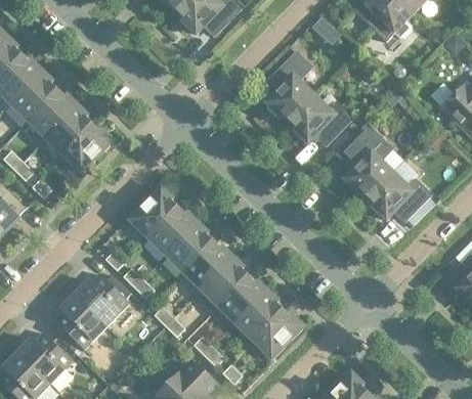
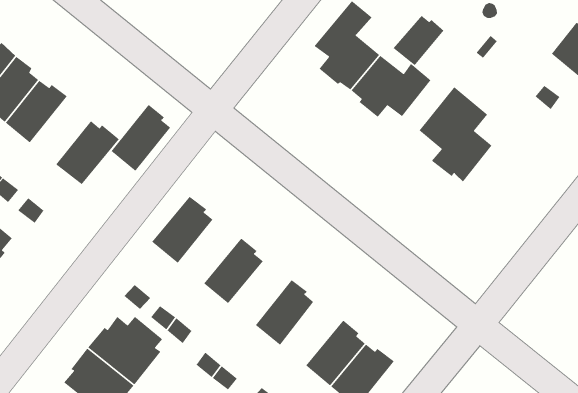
building: none -> [393,15,444,66]
building: [45,104,92,154] -> [110,104,171,172]
building: [367,171,429,220] -> none
building: [147,207,197,254] -> none
building: [182,241,231,289] -> none
building: [218,275,267,322] -> none

